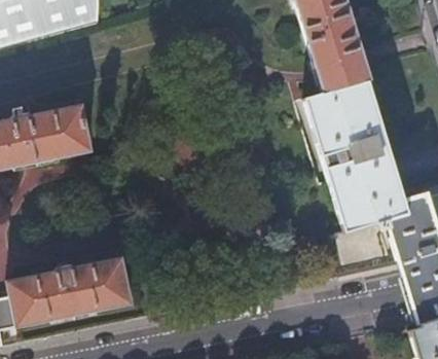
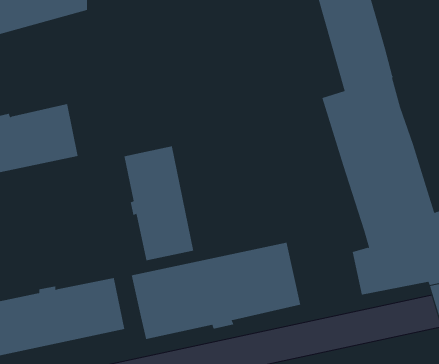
building: none -> [124,146,194,261]
building: none -> [131,242,301,340]

